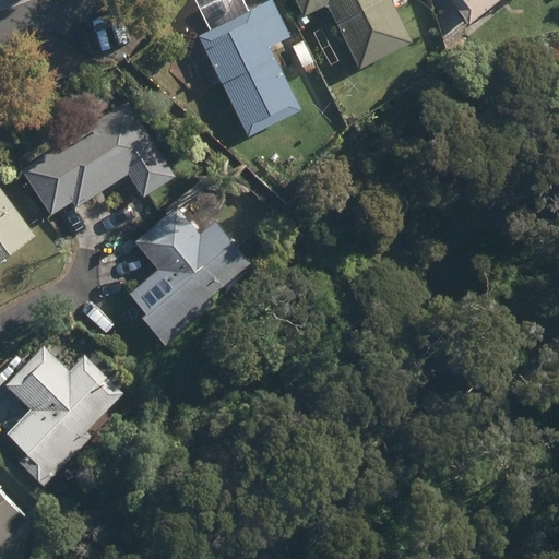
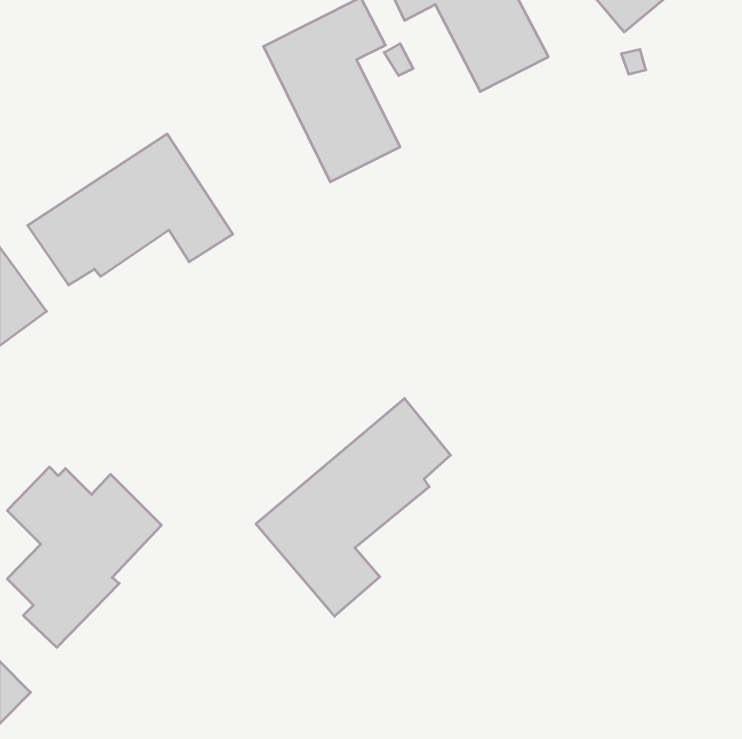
building: [129,206,249,346] -> none
building: none -> [256,398,451,616]

